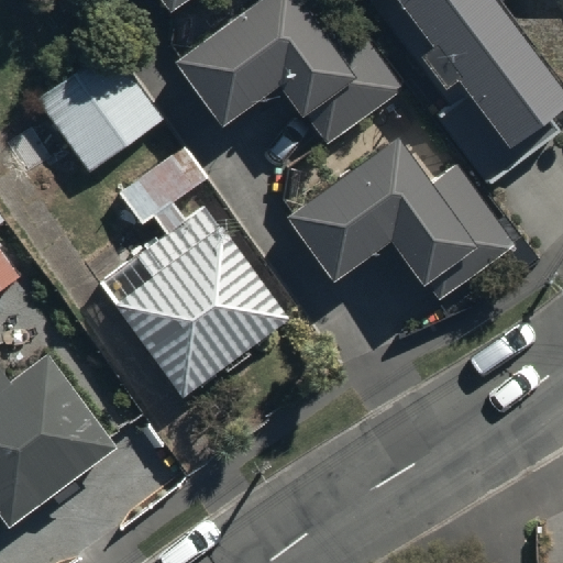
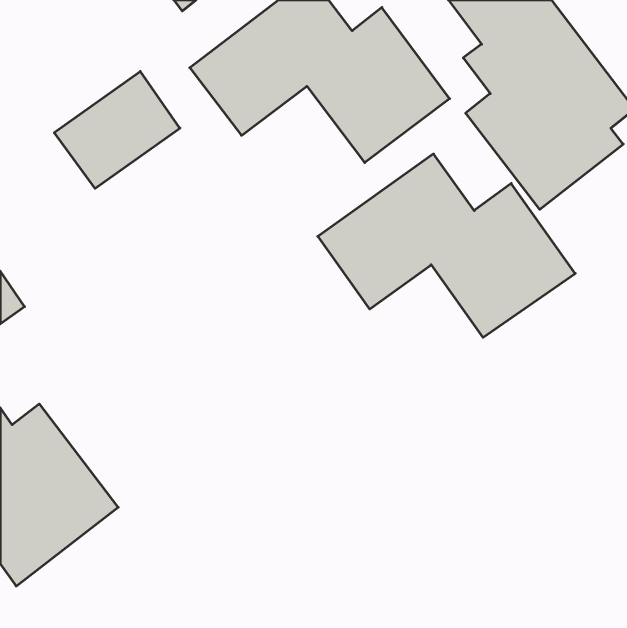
building: [97,141,290,399] -> none

